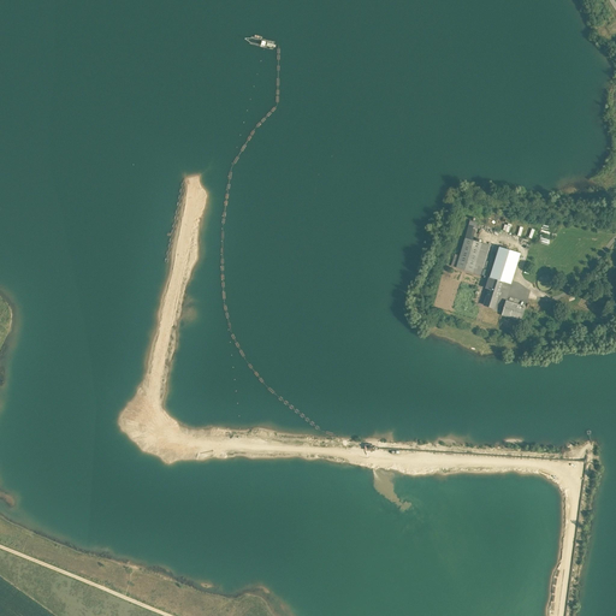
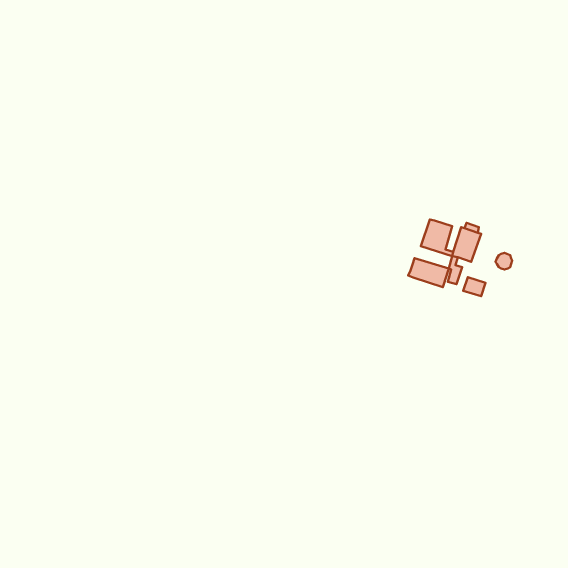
building: none -> [408,258,449,287]

